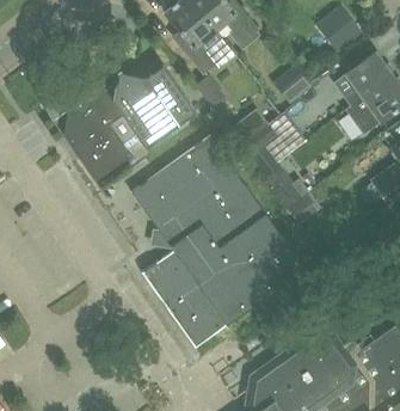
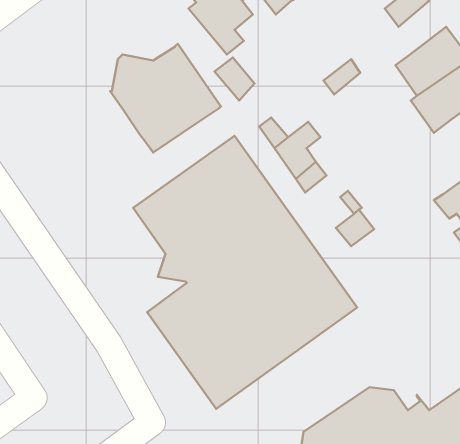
building: [62,85,135,184] -> none

